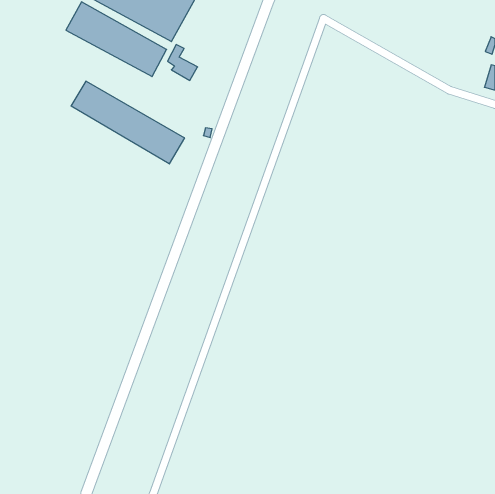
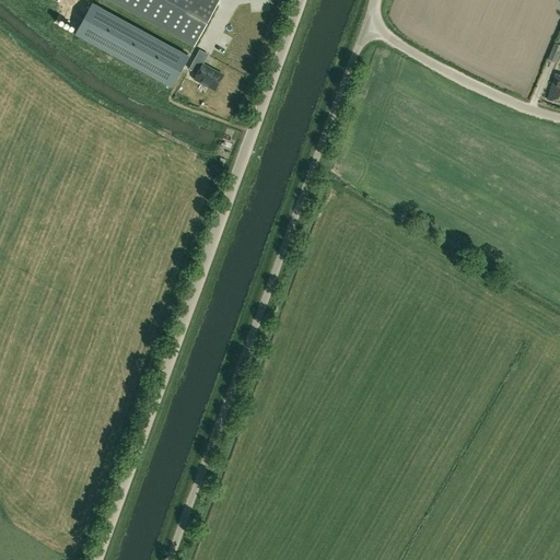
building: [71,81,184,164] -> none

